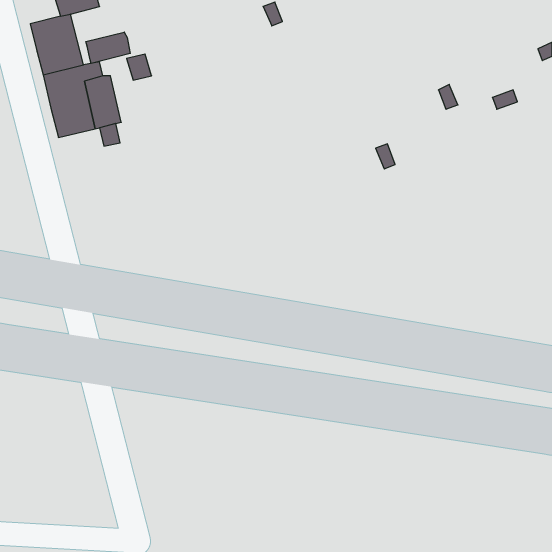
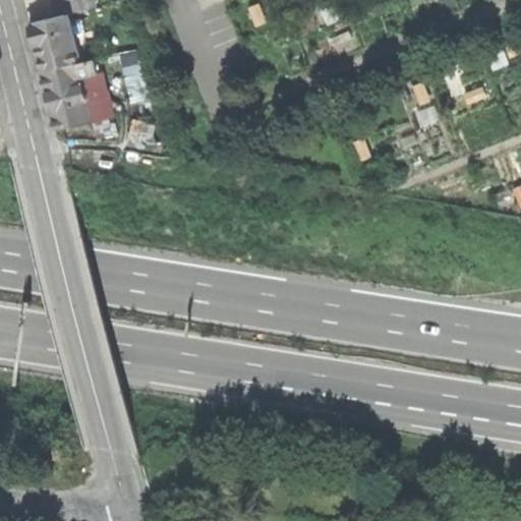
building: [86,32,130,63] -> none

